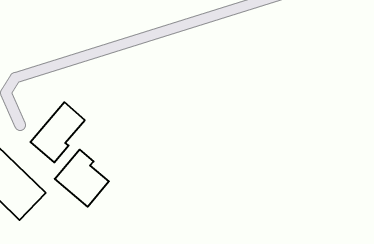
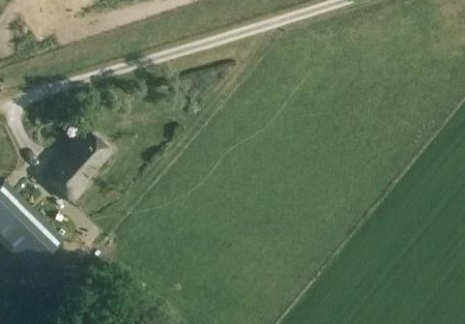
building: [55,150,109,207] -> none

